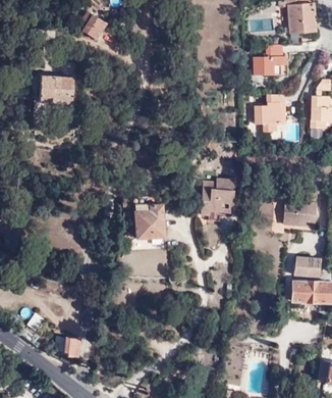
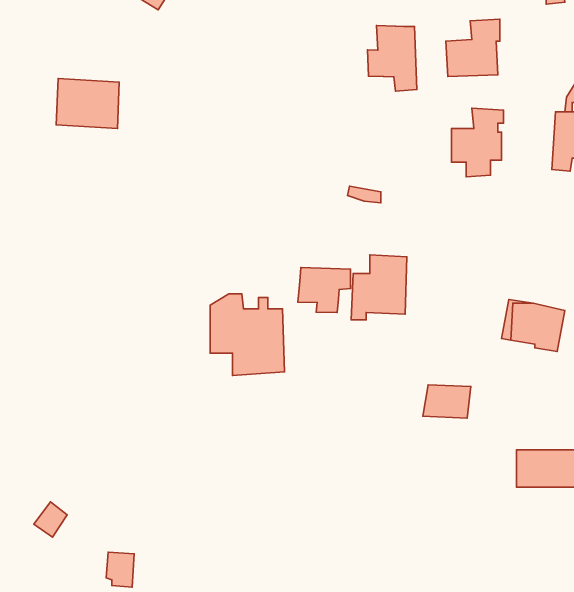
building: none -> [367,26,417,91]
building: none -> [298,268,351,312]
building: [291,259,318,278] -> [423,385,471,418]

